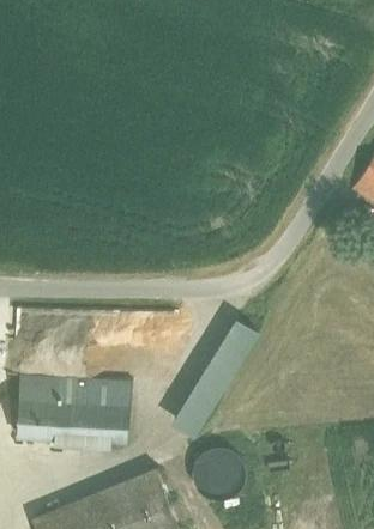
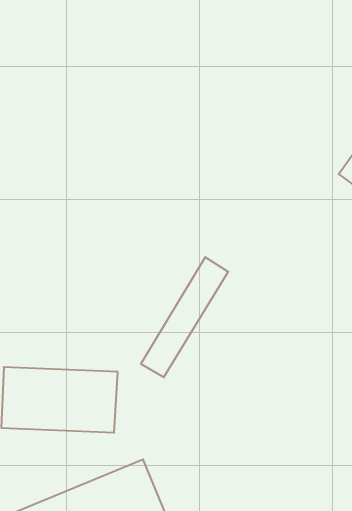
building: [173,316,259,434] -> [141,257,228,377]
building: [192,446,246,500] -> none

